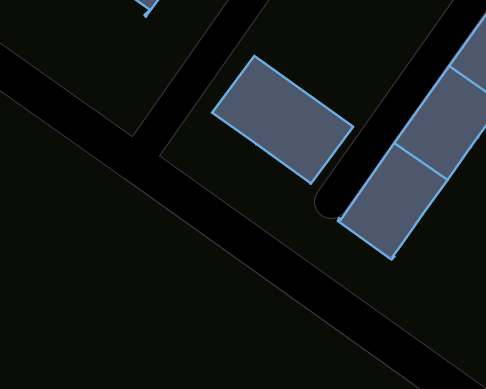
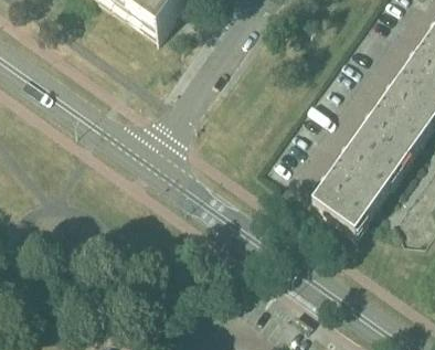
building: [212,56,353,184] -> none

